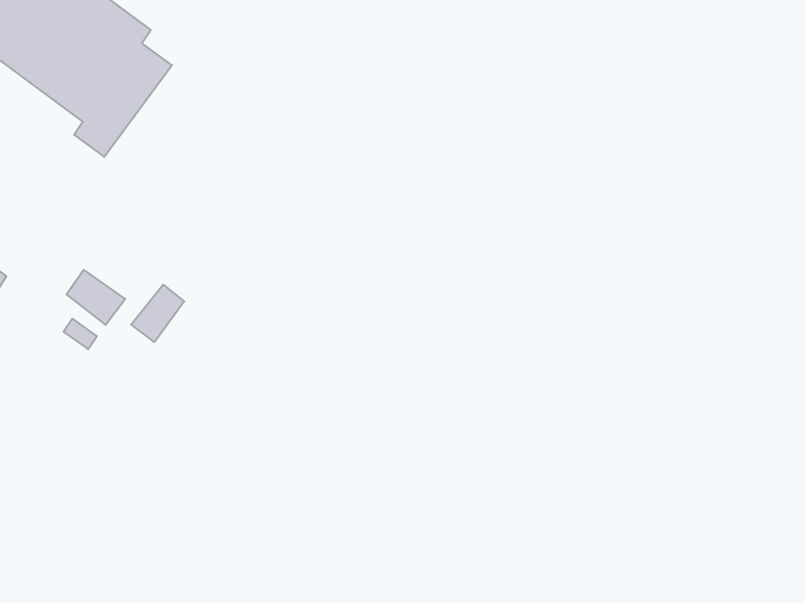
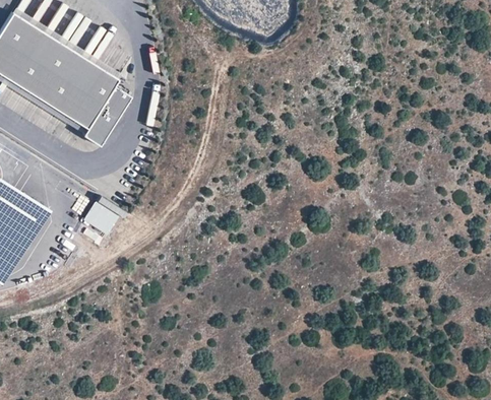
building: [131,285,184,342] -> none

